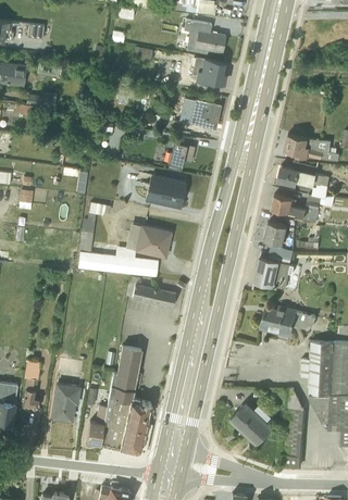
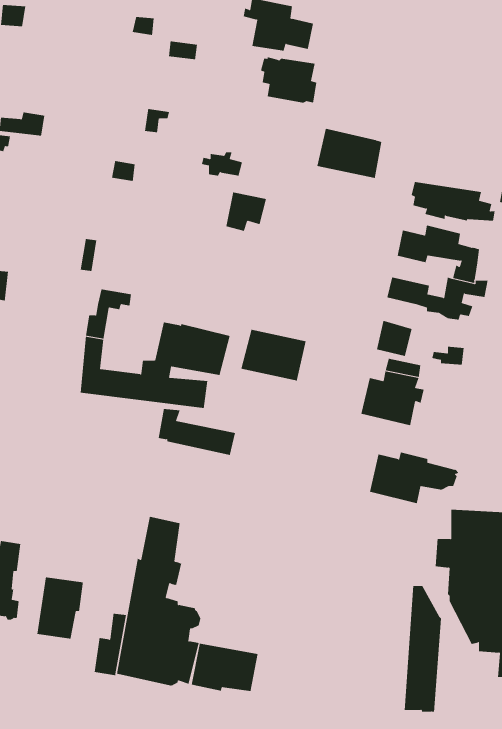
building: [179,97,221,128] -> [317,128,382,178]
building: [145,175,186,208] -> [241,329,306,381]
building: [232,403,273,442] -> none
building: none -> [191,643,258,692]

